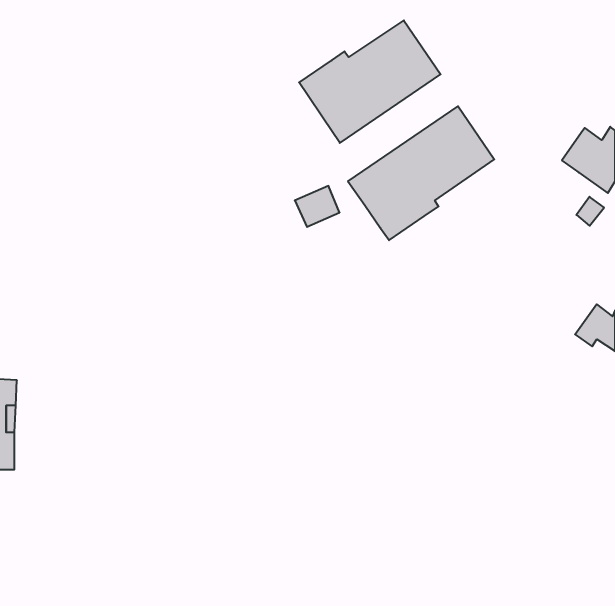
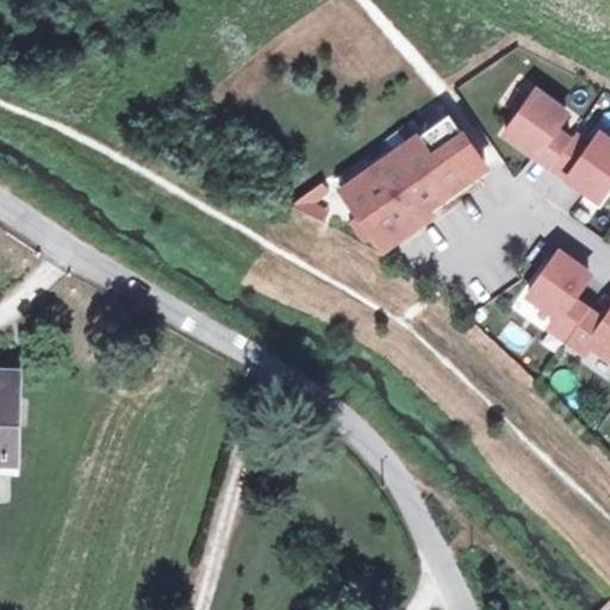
building: [299,20,441,143] -> none
building: none -> [508,93,573,169]
building: none -> [529,254,589,341]

